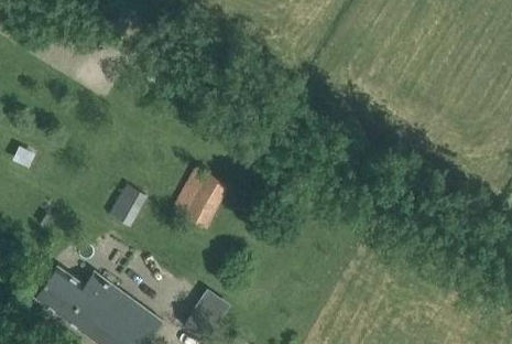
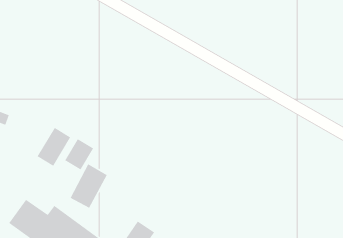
building: none -> [37,127,71,167]
building: [179,171,230,232] -> [70,163,108,209]

